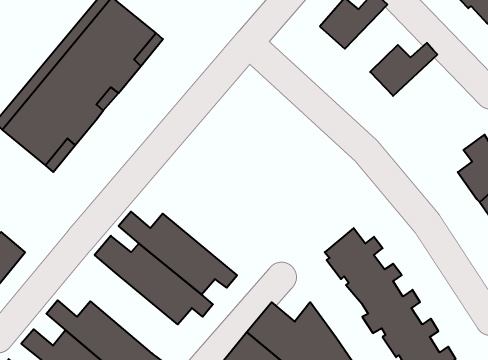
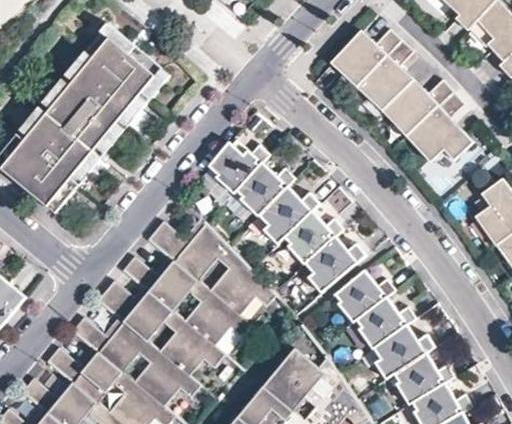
building: none -> [359,43,414,113]
building: none -> [409,95,475,163]
building: none -> [212,147,369,298]
building: none -> [150,222,273,314]
building: none -> [74,319,196,405]

